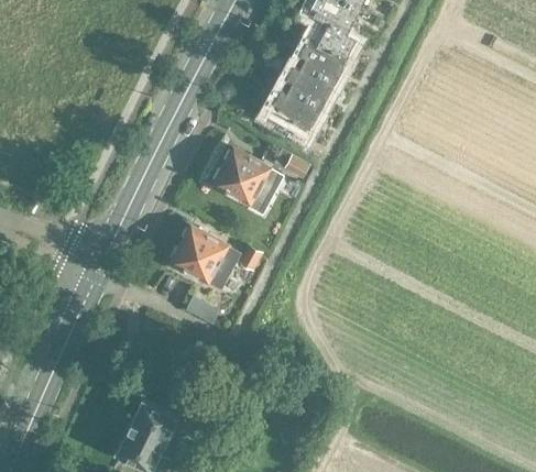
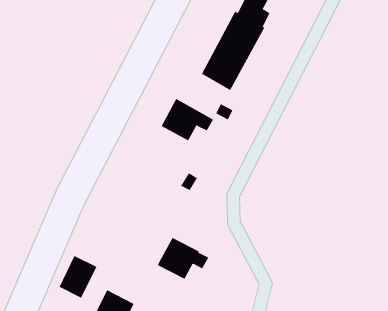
building: [171,227,239,282] -> [157,237,209,279]
building: none -> [59,255,97,299]

